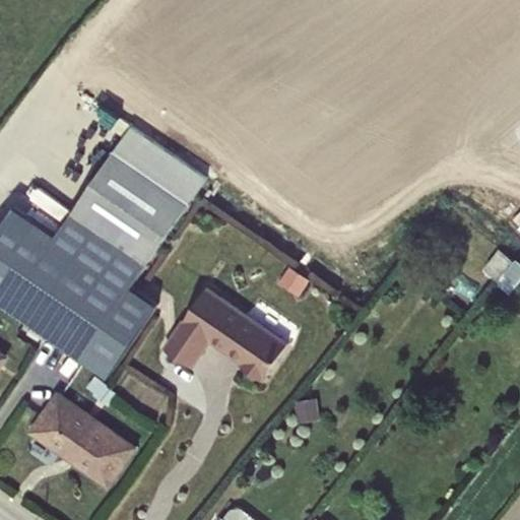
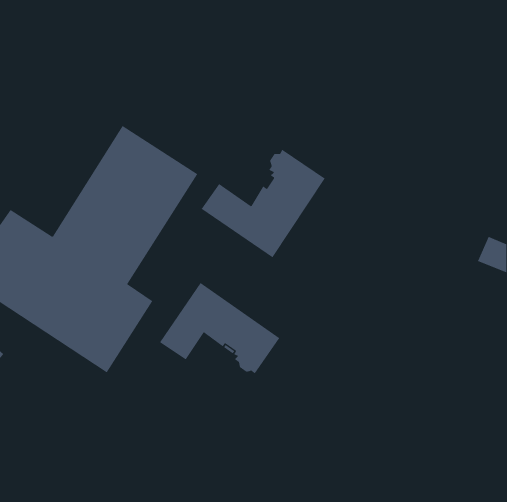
building: none -> [201,149,326,258]
building: [34,398,133,489] -> none

